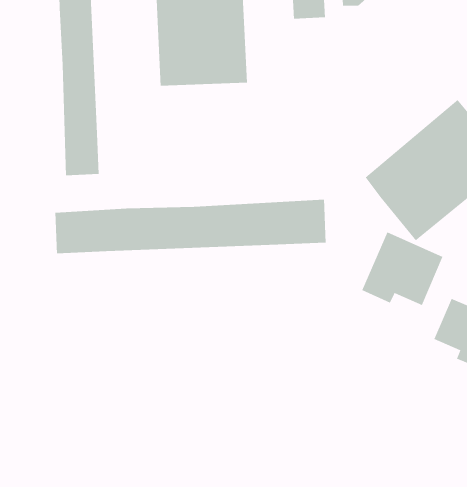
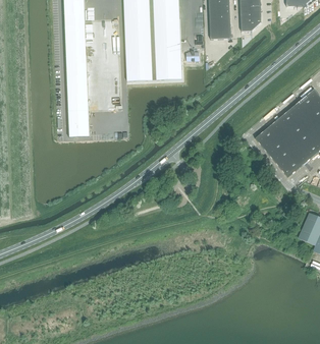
building: [55,199,326,254] -> none
building: [362,231,443,306] -> none

